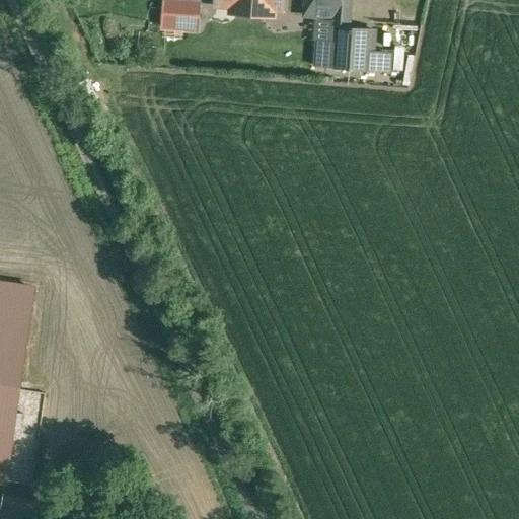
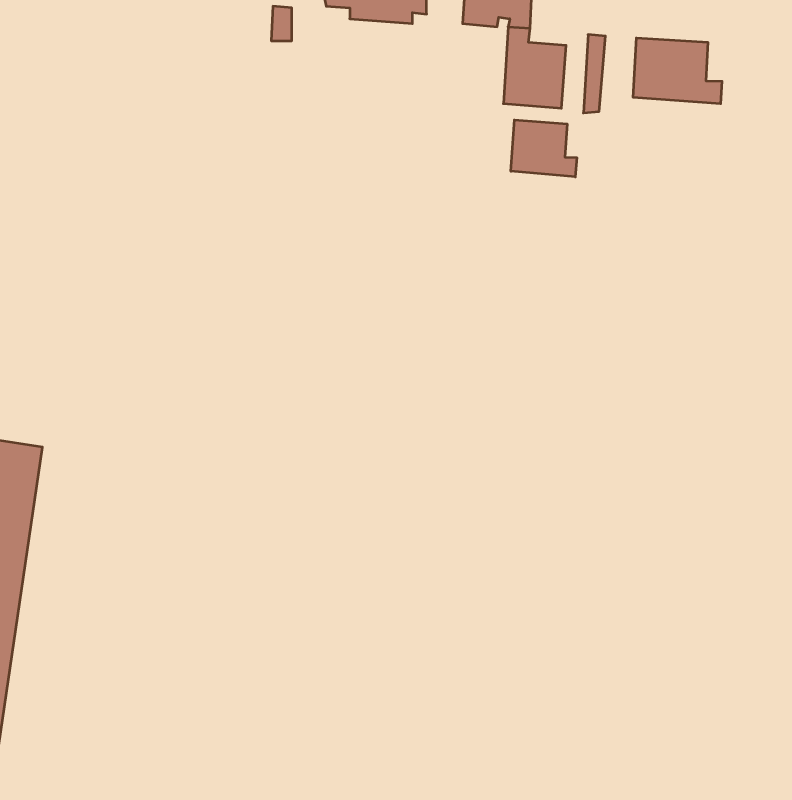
building: none -> [633,38,722,104]
building: none -> [511,120,577,177]

